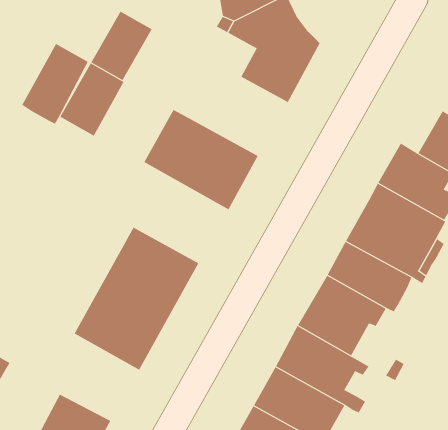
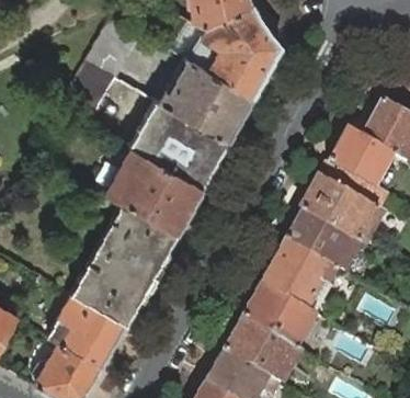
building: [21,43,89,124] -> none
building: none -> [159,59,252,141]
building: none -> [104,147,202,232]
building: none -> [47,293,126,366]

